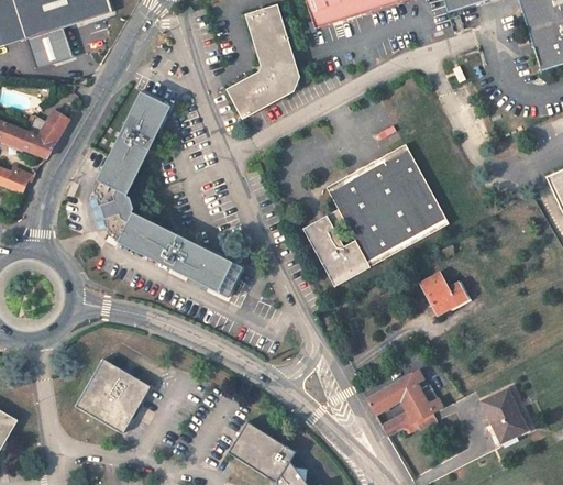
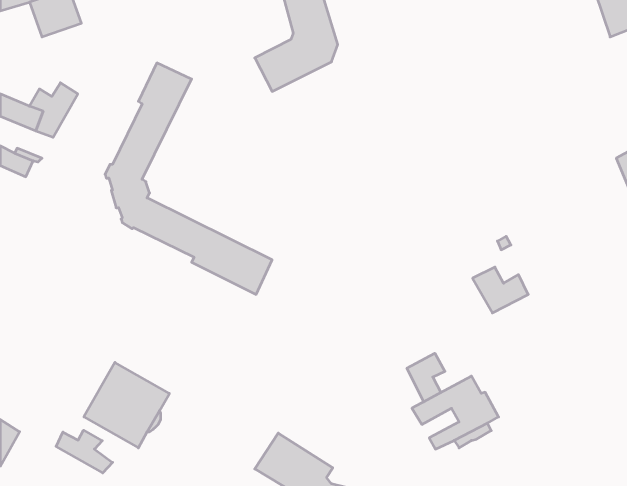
building: [302,144,449,287] -> none
building: none -> [407,353,445,402]
building: [483,389,526,441] -> none
building: none -> [56,430,113,473]

